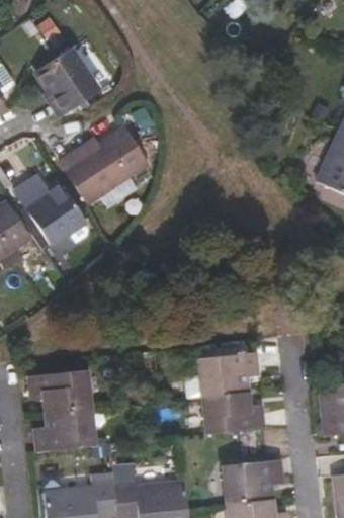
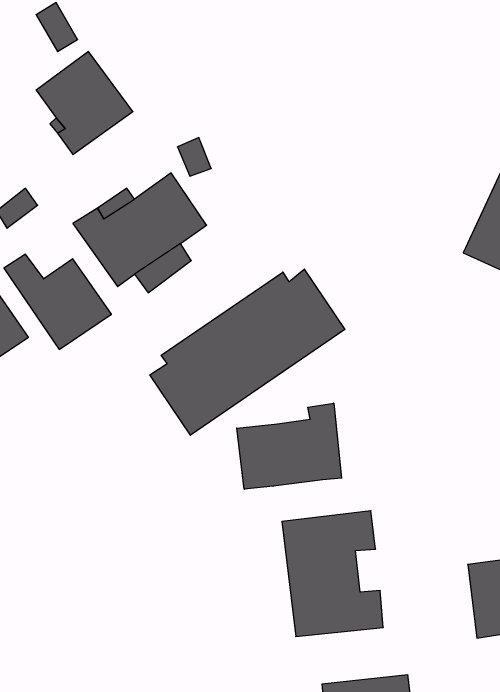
building: none -> [150,269,345,435]
building: none -> [237,403,342,489]
building: [30,370,94,452] -> none

